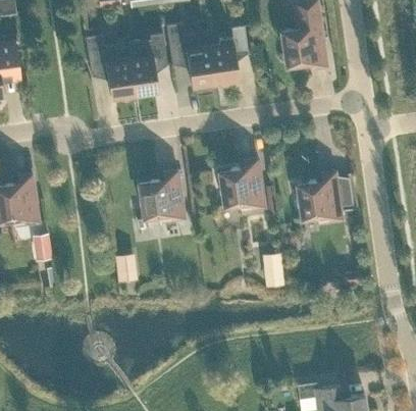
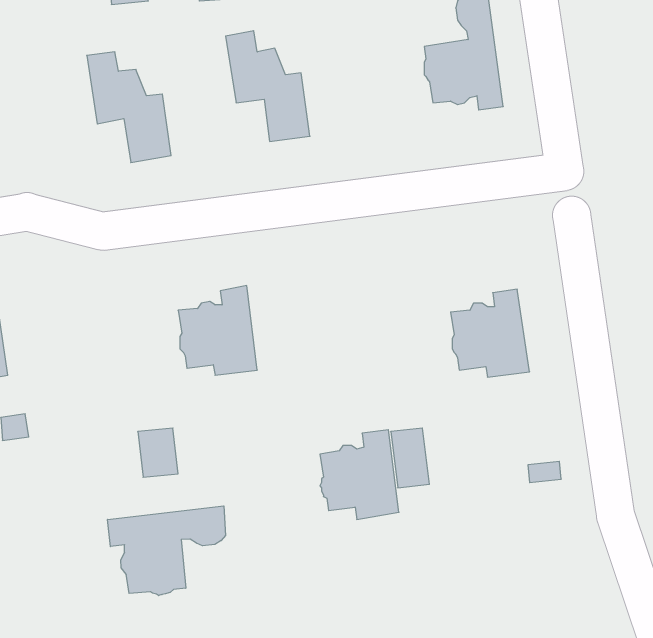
building: [210,24,249,83] -> none
building: [127,33,167,94] -> none
building: [219,158,265,210] -> [320,430,399,519]
building: none -> [108,506,225,596]

